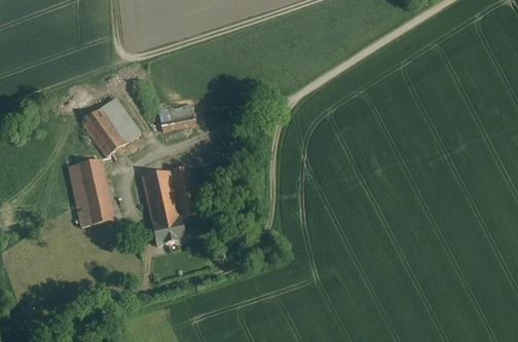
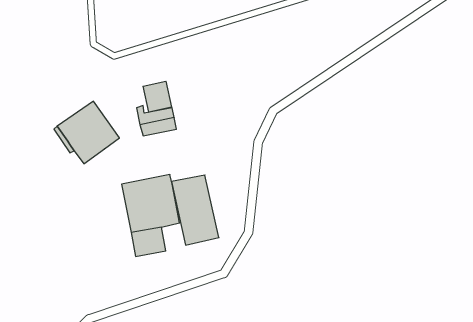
building: none -> [143,81,172,112]
building: [69,159,114,226] -> [172,175,219,245]

